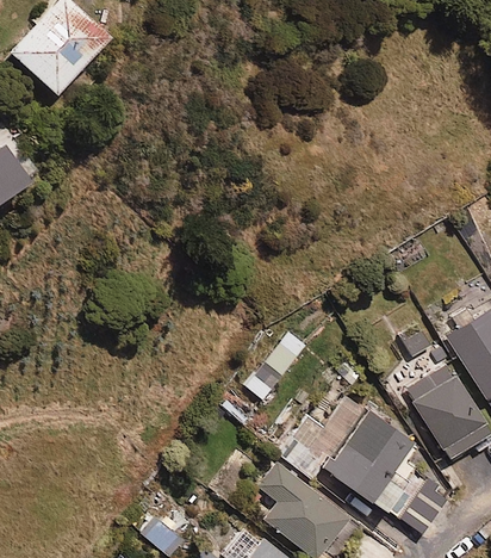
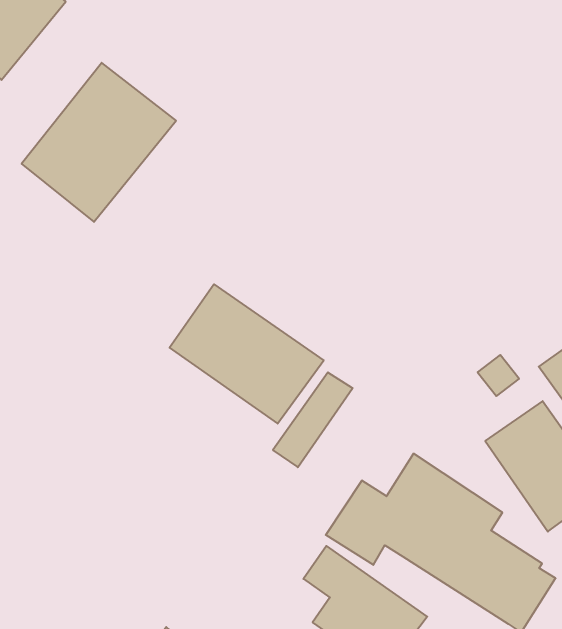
building: none -> [22,63,176,222]
building: none -> [170,284,324,424]

